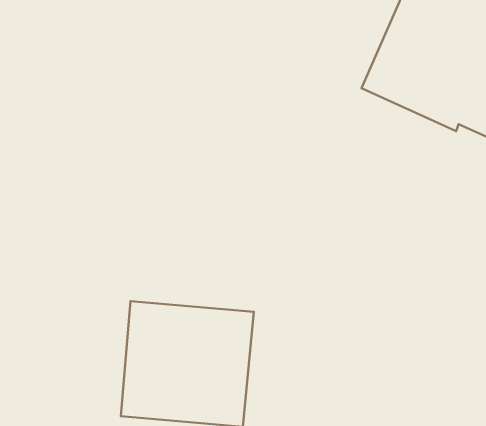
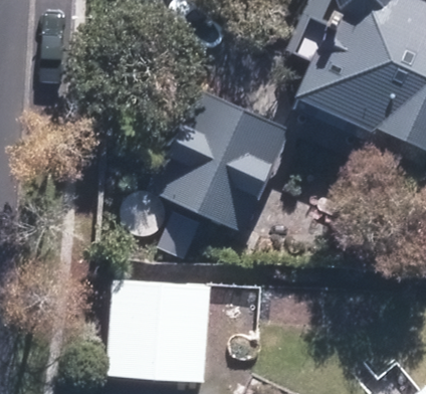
building: none -> [152,87,289,232]

